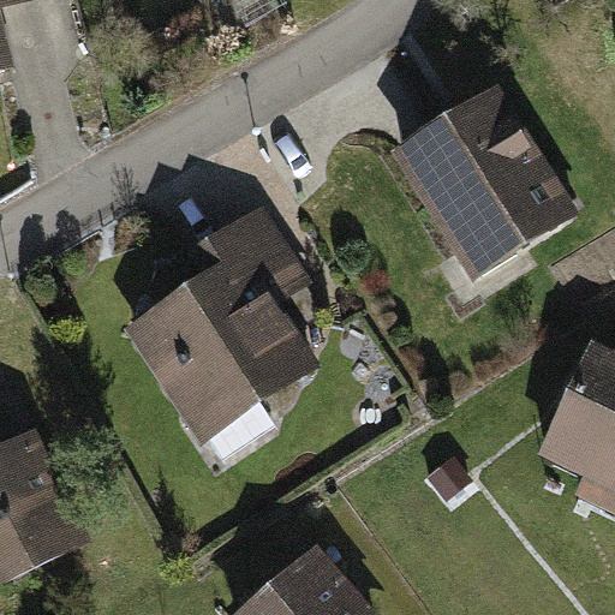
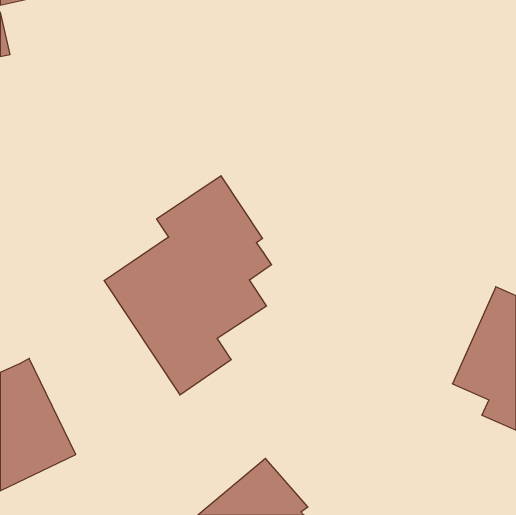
building: [390,83,577,275] -> none

